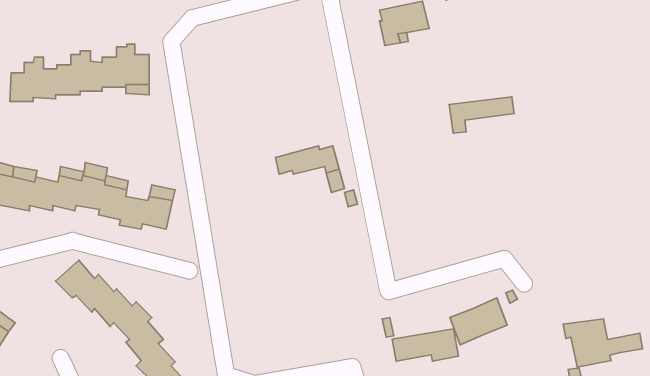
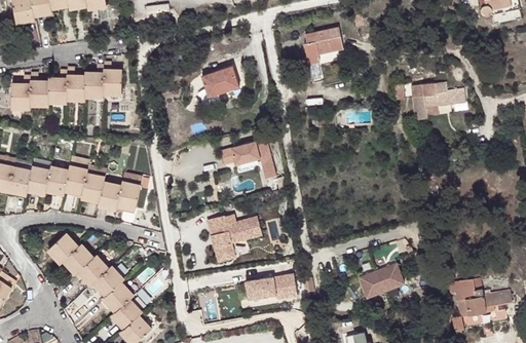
building: none -> [201,67,239,98]
building: [449,97,514,133] -> [415,89,466,118]
building: none -> [206,216,261,262]
building: [392,329,459,361] -> [245,274,297,300]

